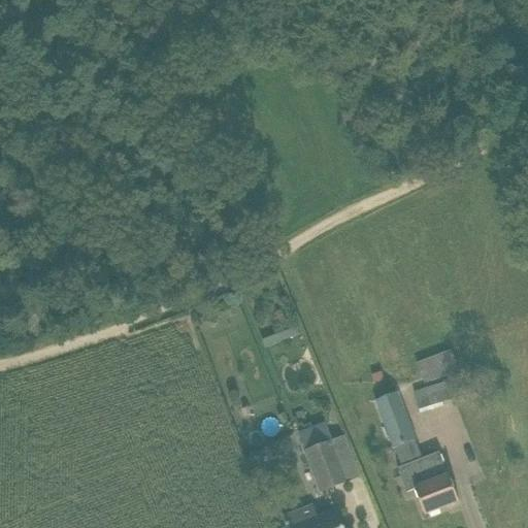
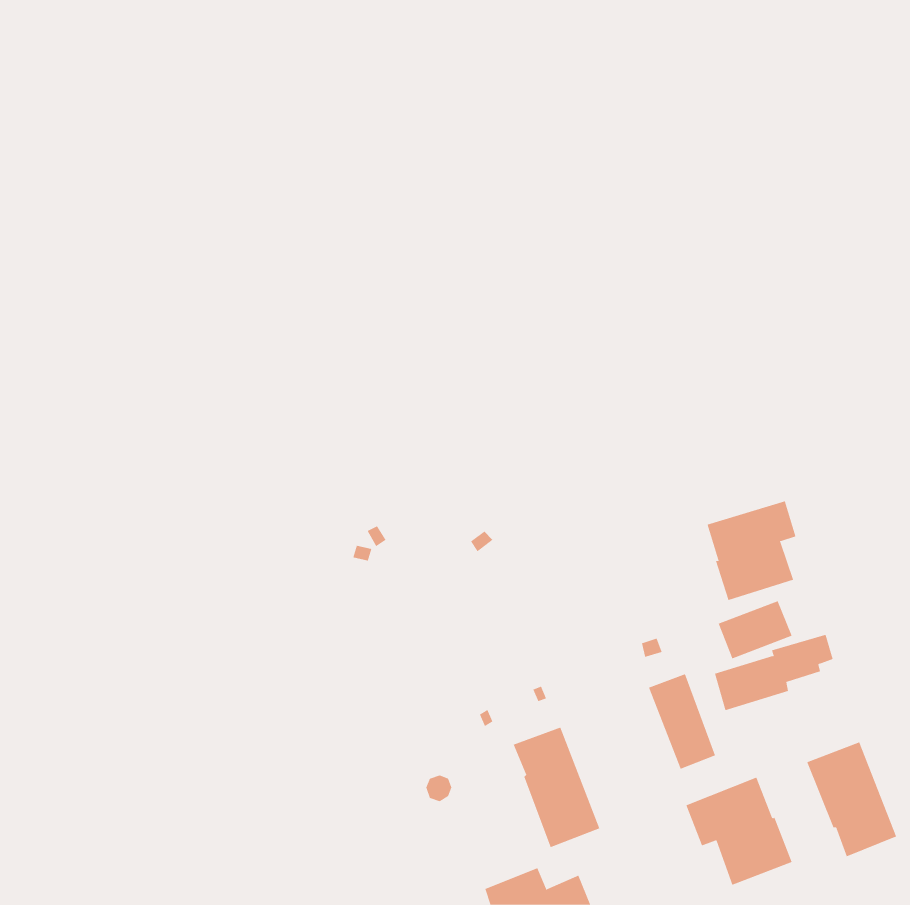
building: none -> [707,501,796,601]
building: none -> [806,742,897,857]

